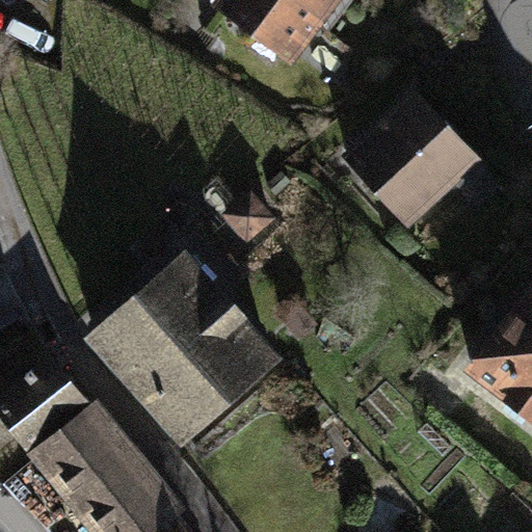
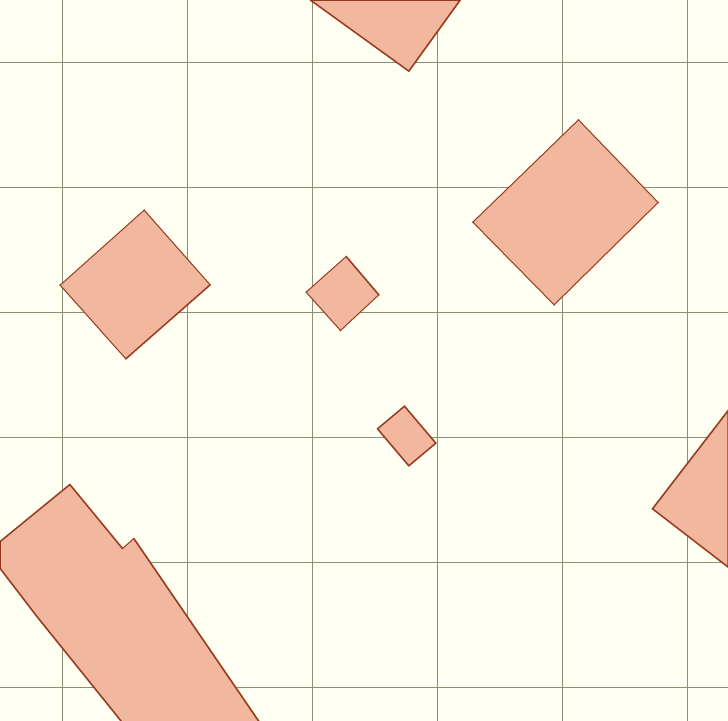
building: none -> [60,210,210,359]
building: [84,250,285,451] -> none

